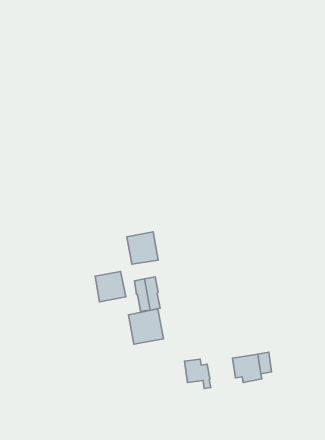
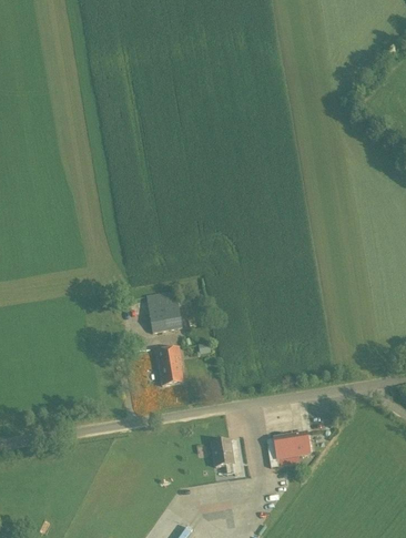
building: [95,272,126,302] -> none
building: [128,309,163,344] -> none

